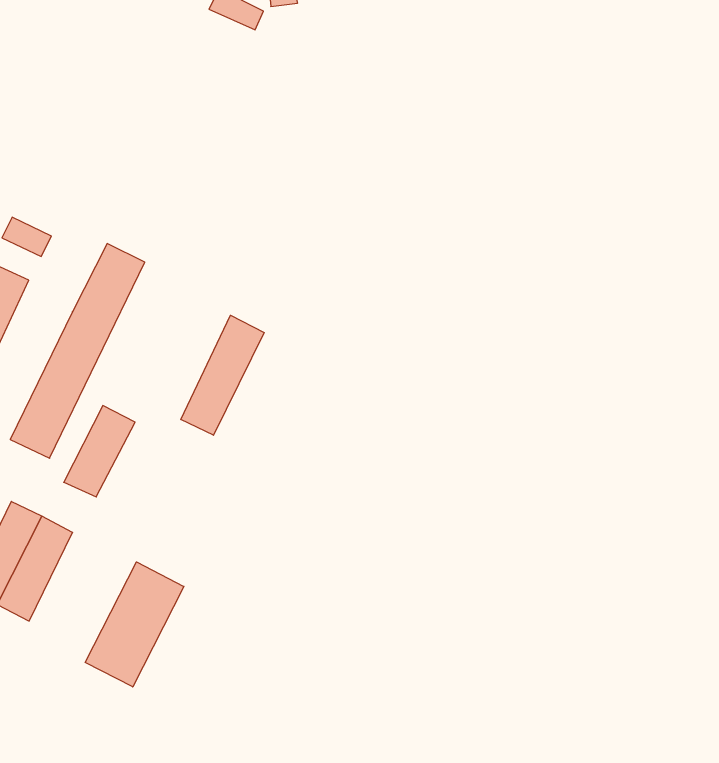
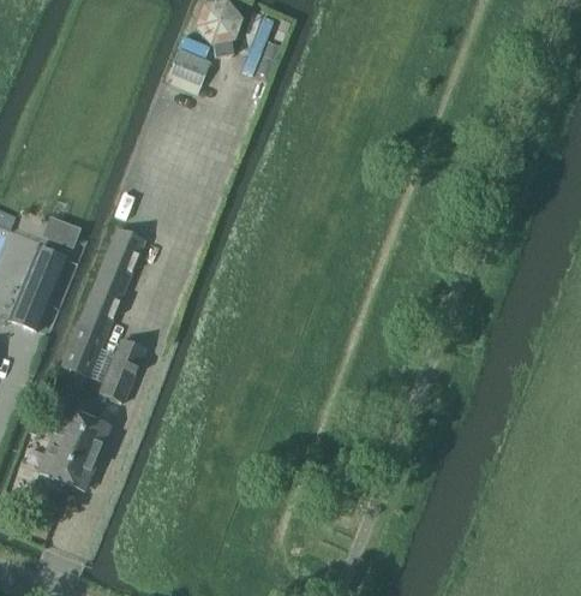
building: [181,315,264,435] -> none
building: [85,562,184,687] -> none

